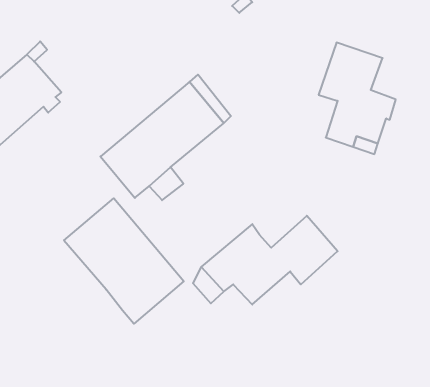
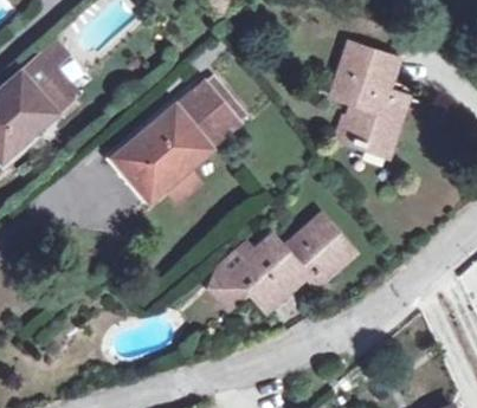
building: [64,198,184,324] -> none

